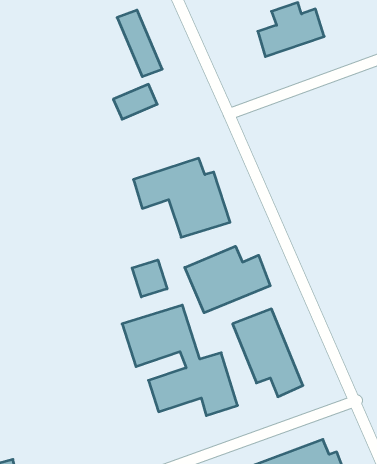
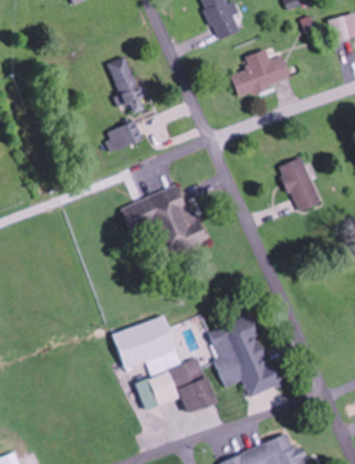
building: none -> [279,157,320,211]
building: [185,246,270,313] -> none
building: [132,260,167,297] -> none

